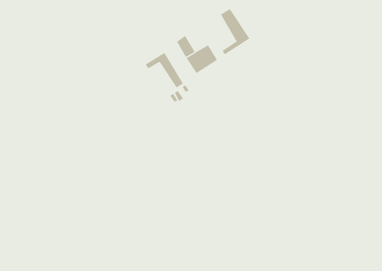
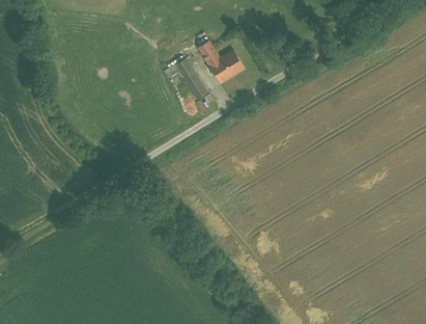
building: [220,8,250,55] -> none

